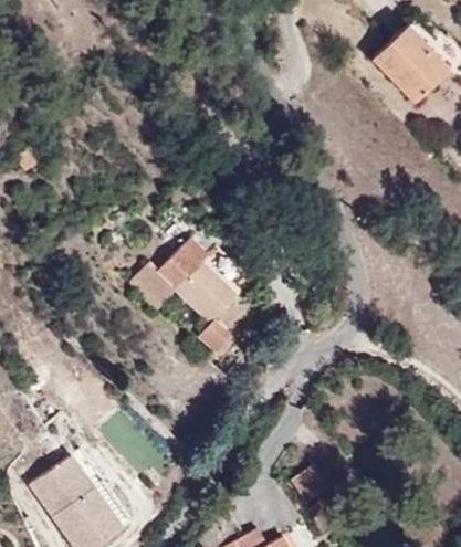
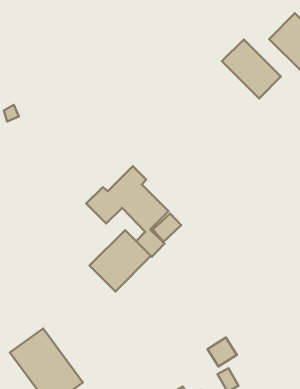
building: none -> [222,39,281,98]
building: none -> [90,230,151,291]

